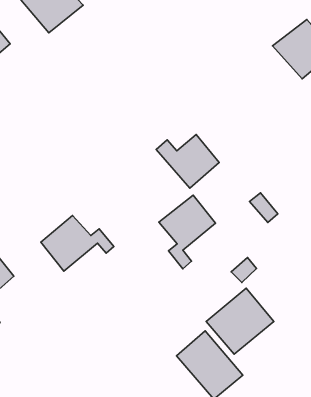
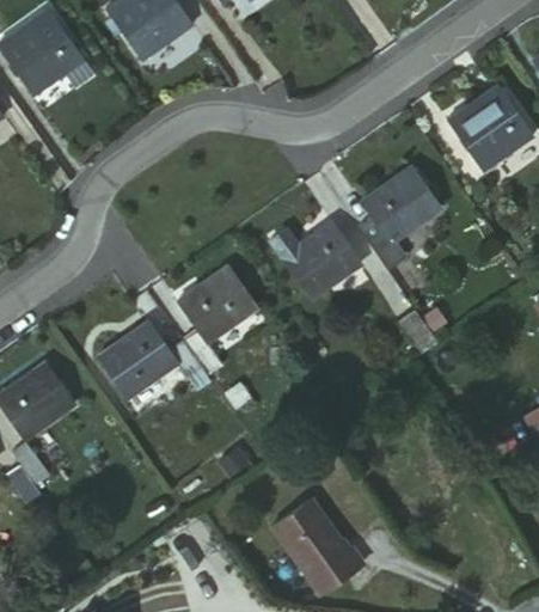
building: none -> [362,171,441,294]
building: [159,195,216,269] -> [174,267,255,369]
building: [206,288,274,354] -> none

